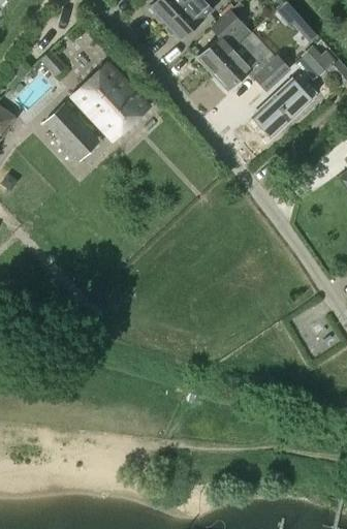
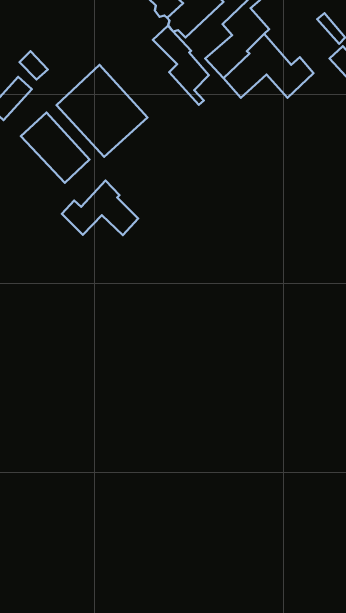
building: none -> [153,26,209,105]
building: [252,82,311,138] -> none
building: none -> [62,181,138,235]

